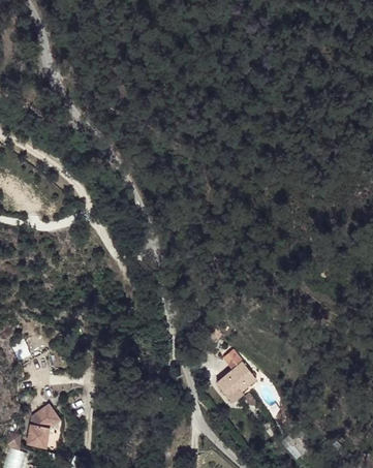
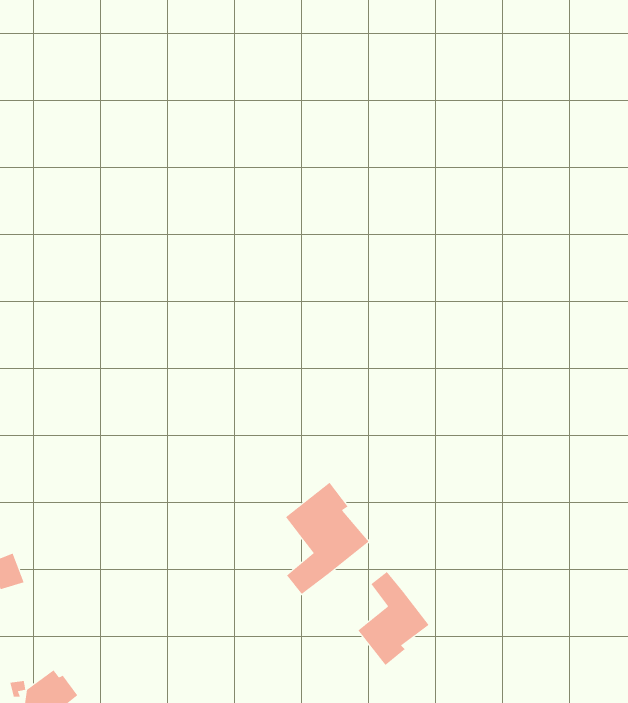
building: none -> [285,482,369,595]

